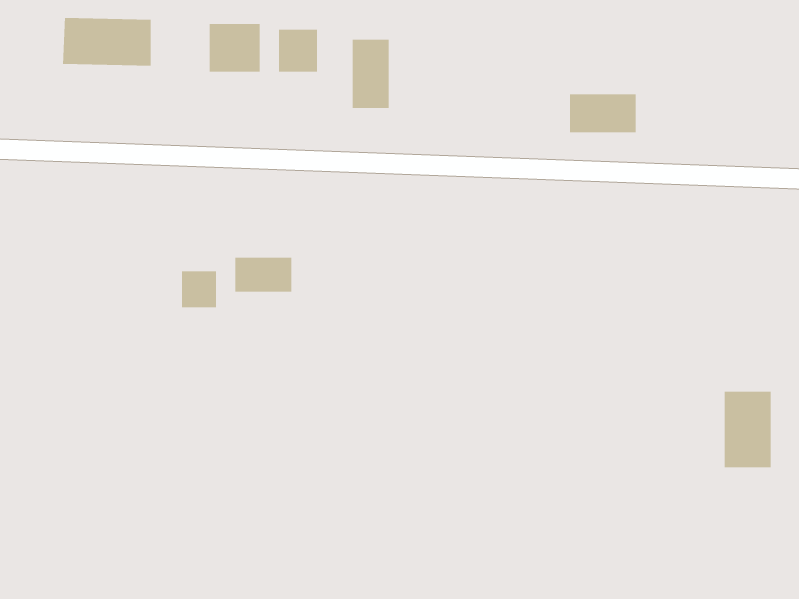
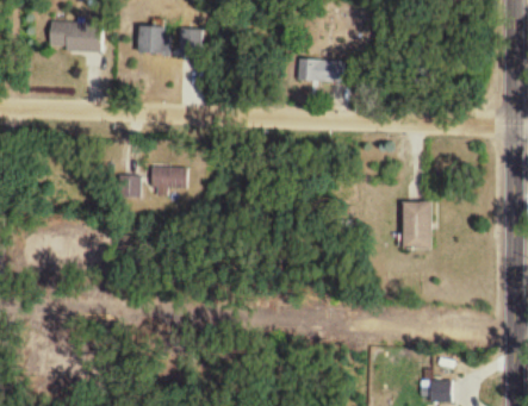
building: [352,39,390,109] -> none
building: [569,94,637,133] -> [304,58,344,82]
building: [724,391,772,468] -> [402,200,430,246]

